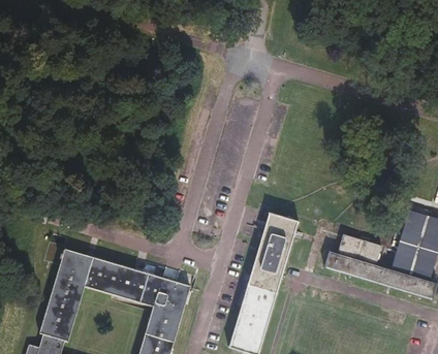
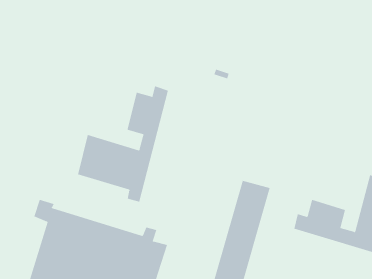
building: none -> [77,86,168,202]

